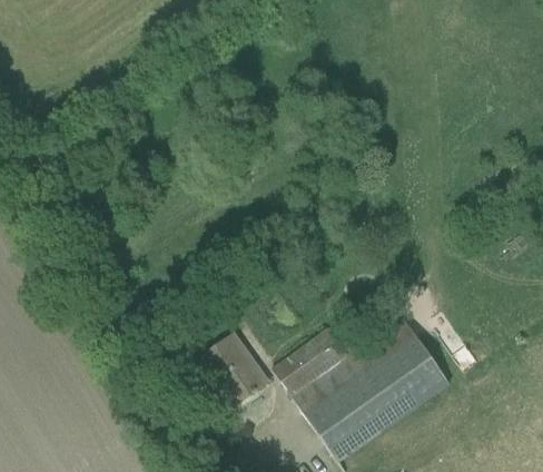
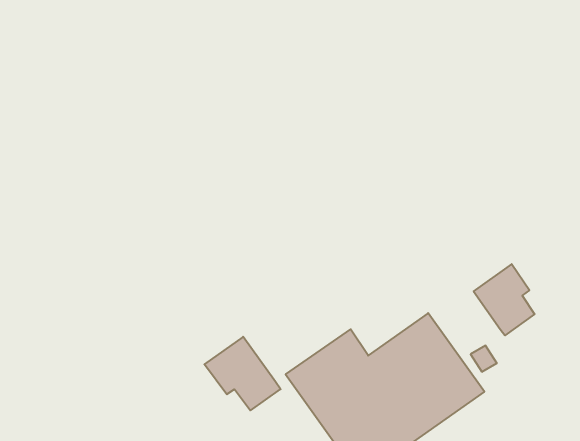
building: none -> [474,264,535,335]

